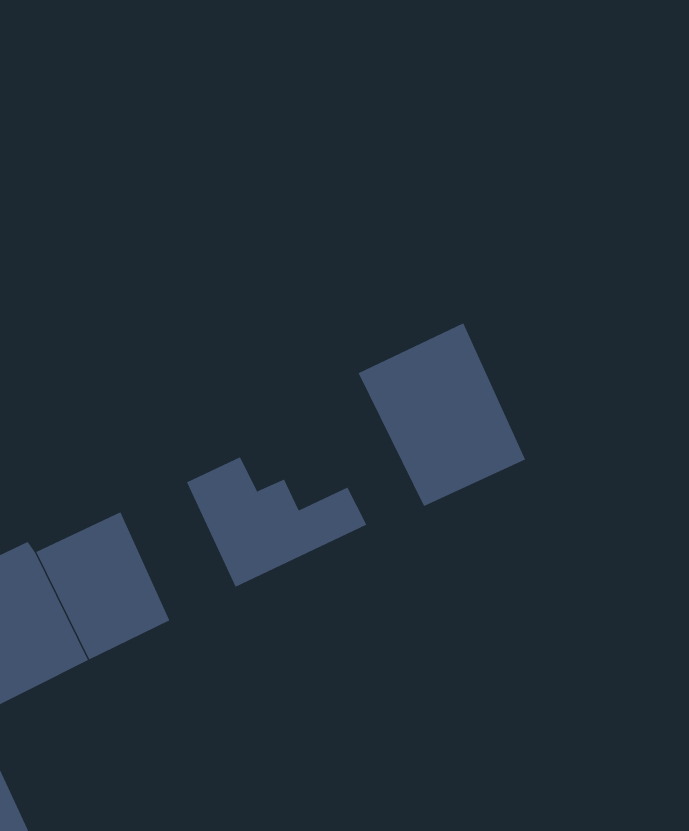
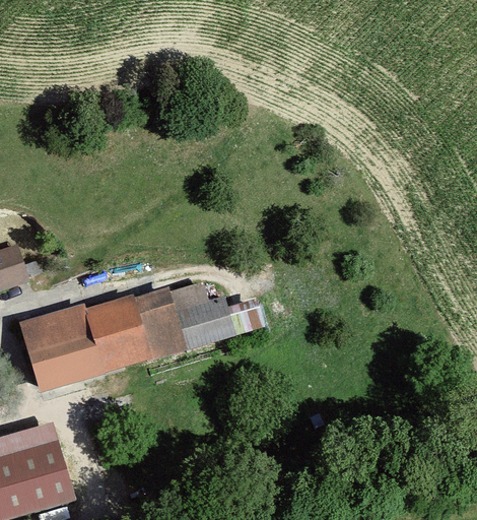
building: [358,322,526,507] -> none
building: none -> [134,287,188,359]

